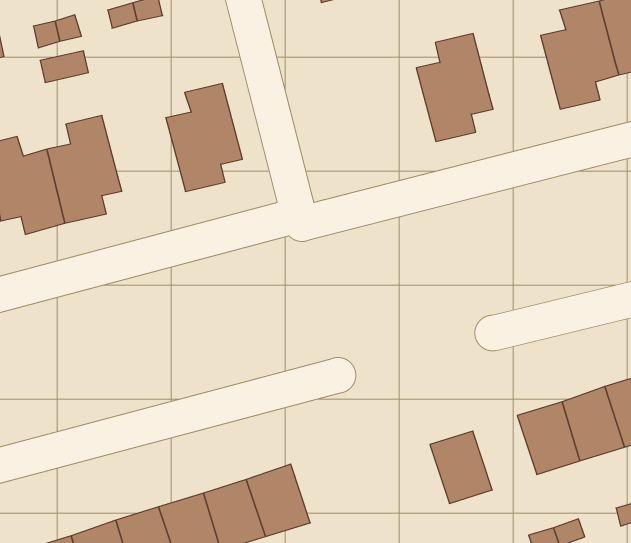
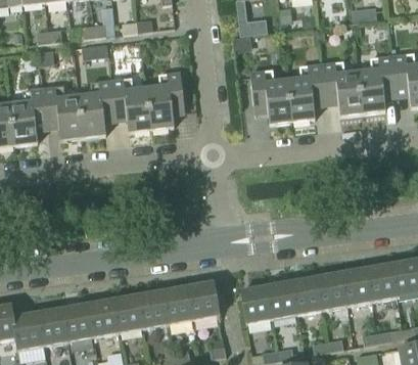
building: none -> [320,60,362,115]
building: none -> [249,69,291,123]
building: none -> [110,77,150,131]
building: none -> [289,276,321,315]
building: none -> [239,285,271,323]
building: none -> [187,281,218,319]

